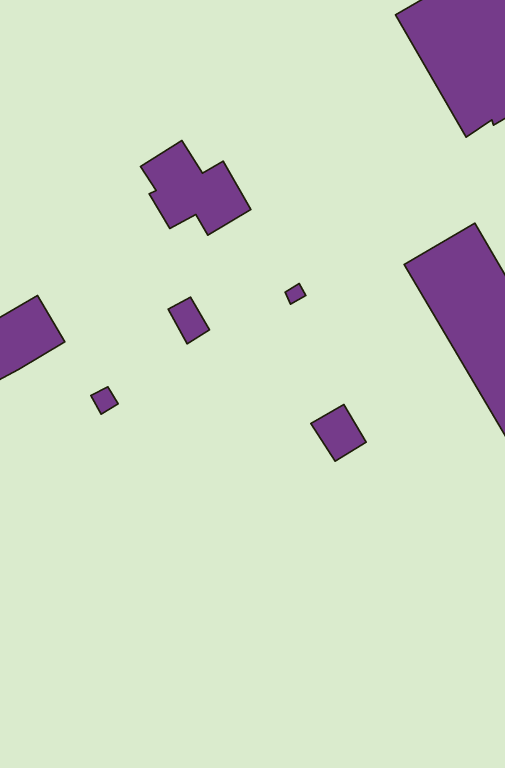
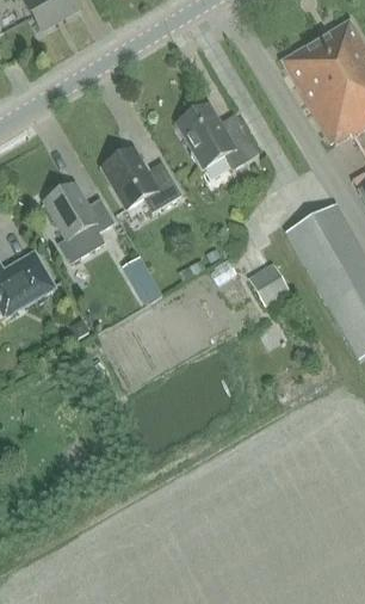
building: none -> [175,101,259,168]
building: none -> [44,181,115,263]
building: [311,404,366,461] -> [249,266,287,306]

